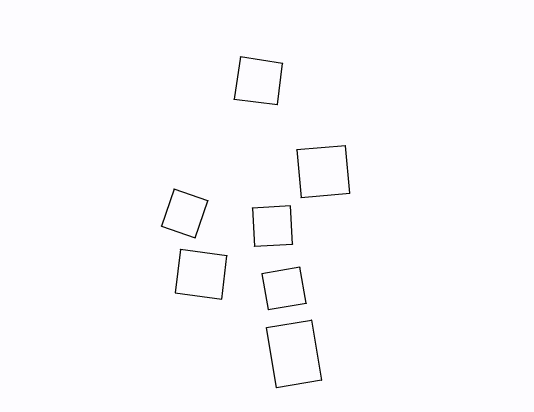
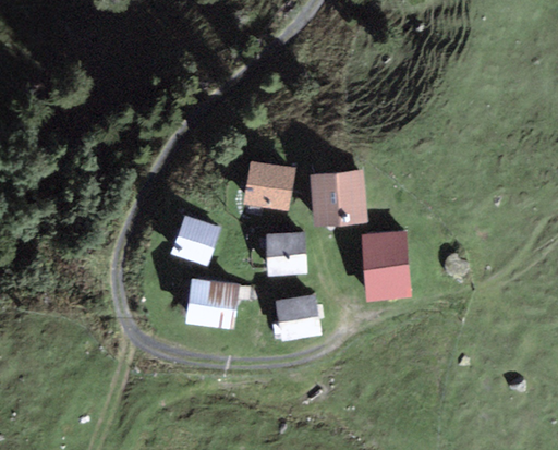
building: [234,57,283,105] -> [244,160,294,209]
building: none -> [362,231,410,300]
building: [267,320,321,388] -> none

